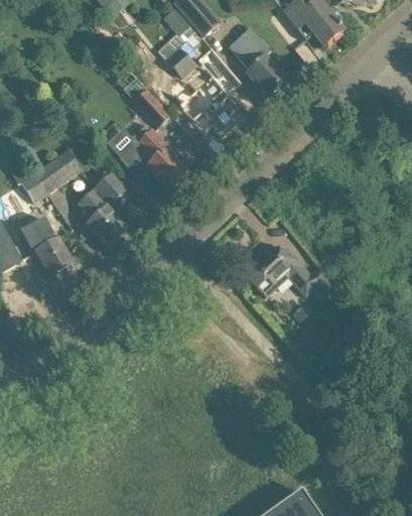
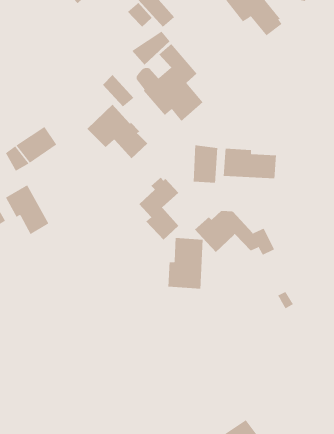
building: [228,27,286,95] -> none
building: [78,169,125,244] -> [138,176,179,241]
building: none -> [193,145,218,183]
building: none -> [223,148,277,179]
building: none -> [168,237,203,289]

